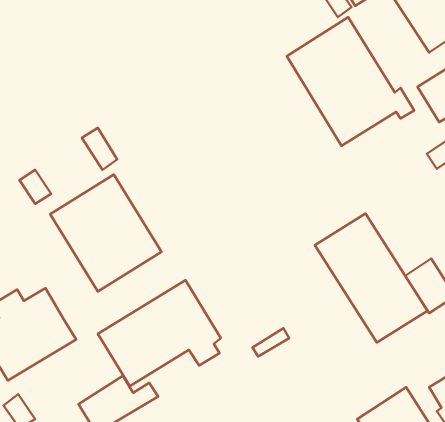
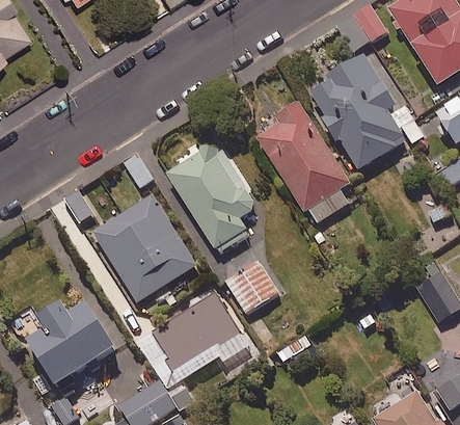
building: none -> [256,101,350,225]
building: none -> [166,140,258,255]
building: [315,214,428,343] -> none
building: none -> [225,261,278,314]

